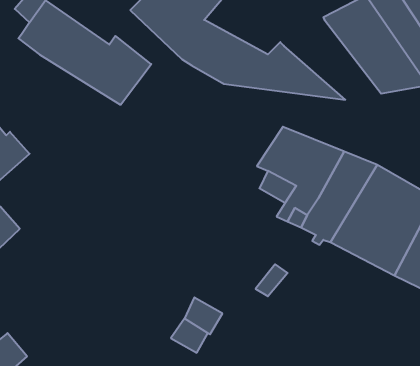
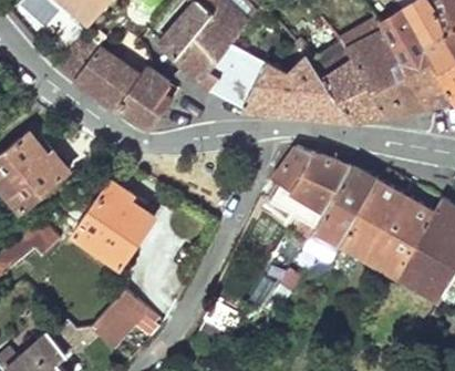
building: none -> [294,50,385,122]
building: none -> [75,179,155,265]
building: none -> [90,290,145,346]

